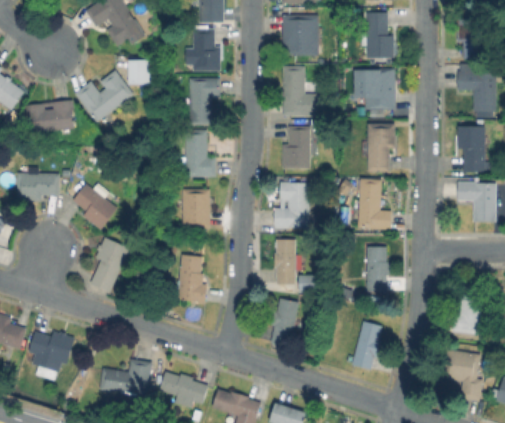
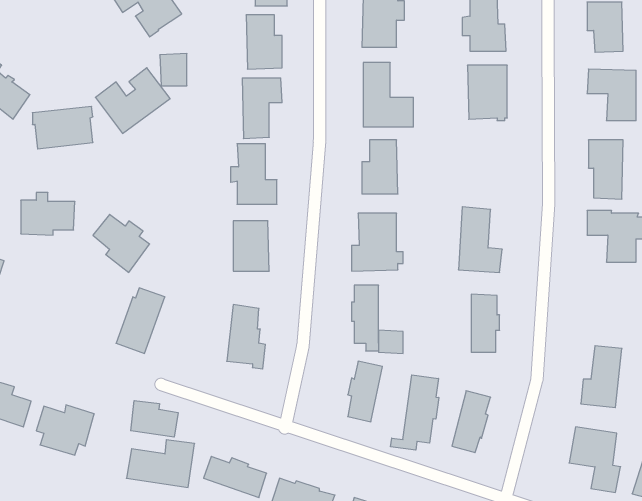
building: [367,123,395,172] -> none
building: none -> [391,375,439,450]
building: none -> [131,401,178,437]

